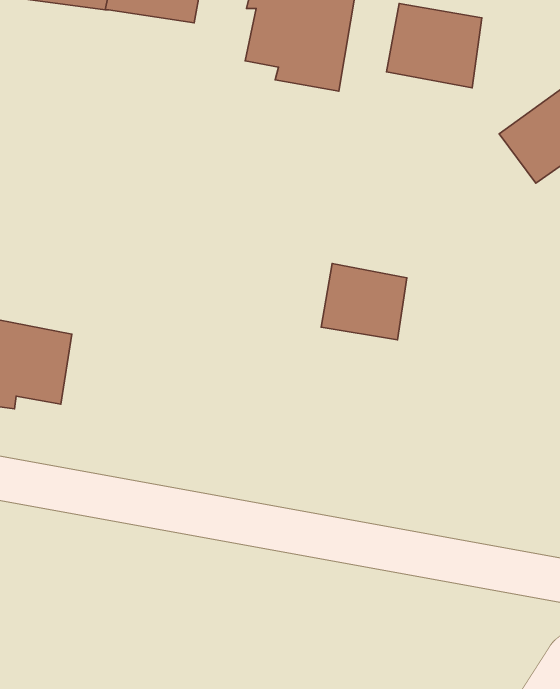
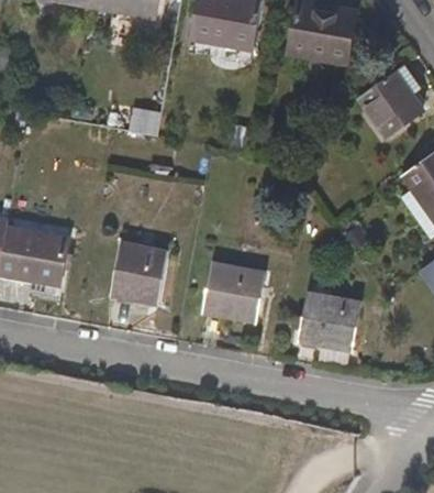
building: [321,264,407,340] -> [203,263,263,316]
building: none -> [111,237,167,300]
building: none -> [297,291,358,346]

